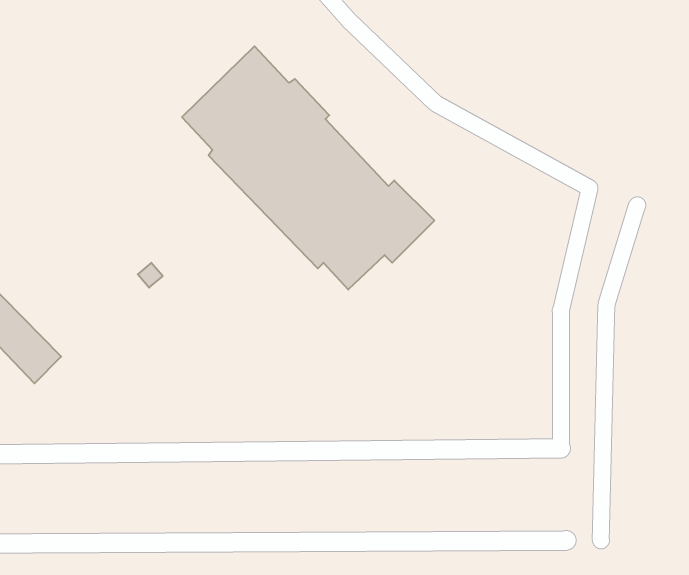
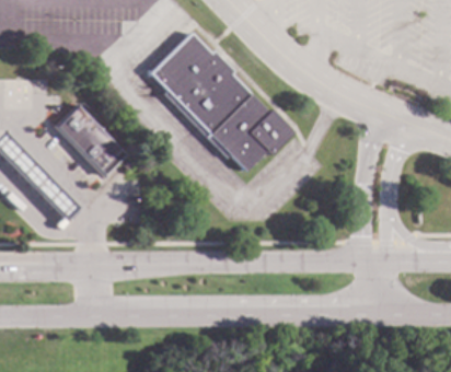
building: none -> [54,103,130,179]

